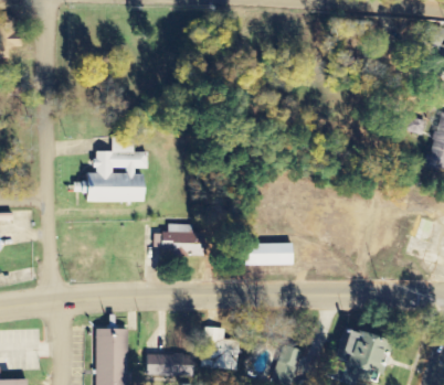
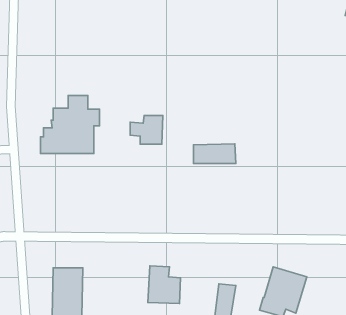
building: [155,224,191,256] -> [130,115,163,144]
building: [245,243,293,265] -> [194,144,236,163]
building: [148,332,195,375] -> none

